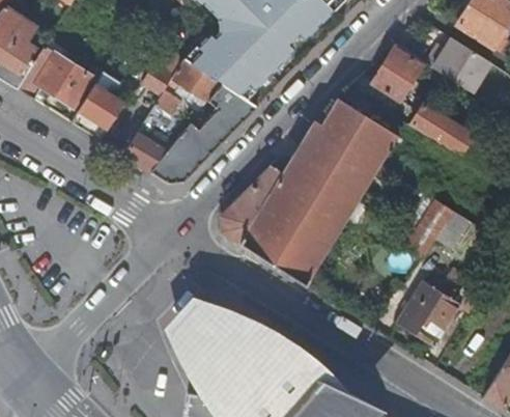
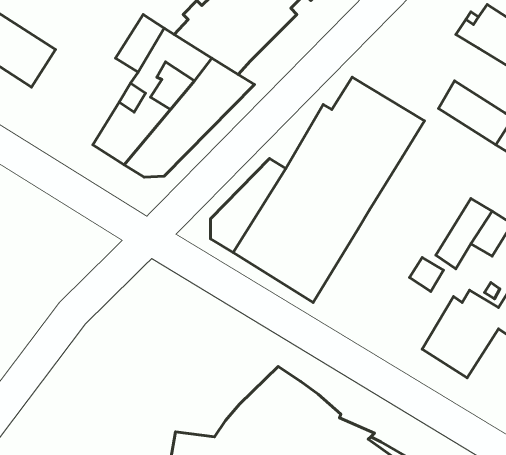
building: [370,47,443,102] -> none
building: [70,65,124,140] -> none
building: [169,295,357,396] -> none

